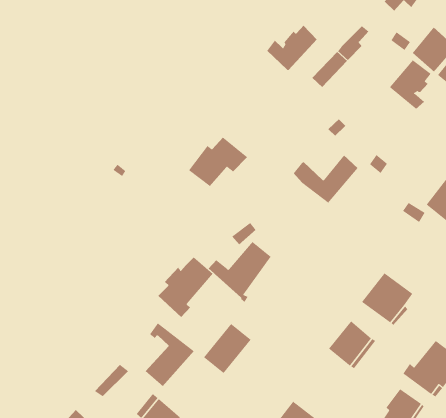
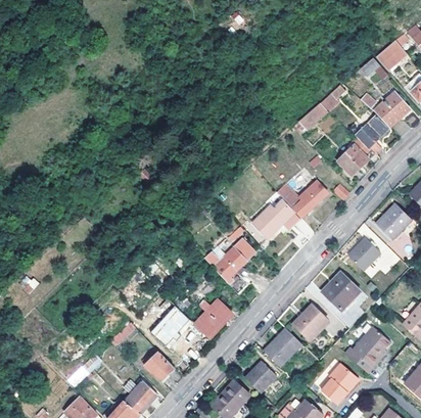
building: [267,25,317,71] -> none
building: none -> [337,135,375,175]
building: [188,137,248,187] -> [253,200,299,237]
building: none -> [345,239,379,273]
building: [158,256,213,318] -> none
building: none -> [261,329,298,367]

